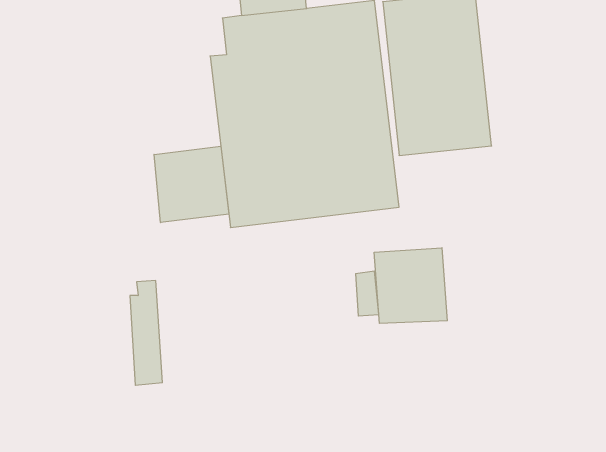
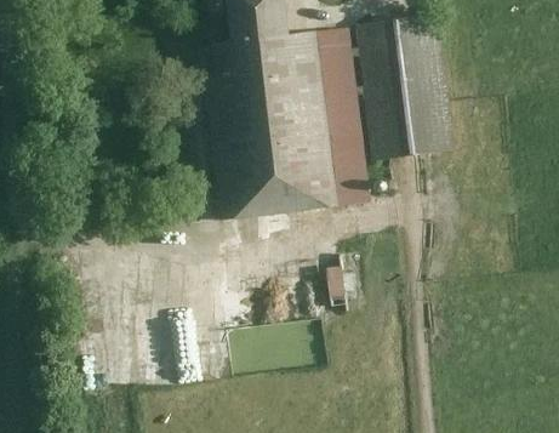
building: [154,146,229,223] -> none
building: [374,248,447,323] -> none

